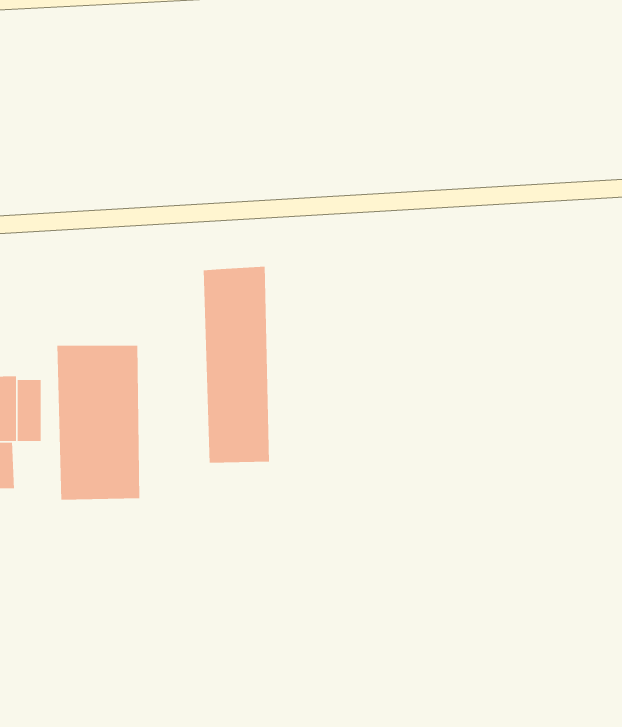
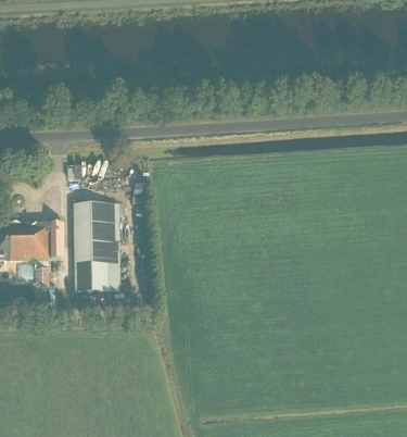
building: [203,266,270,464] -> none

